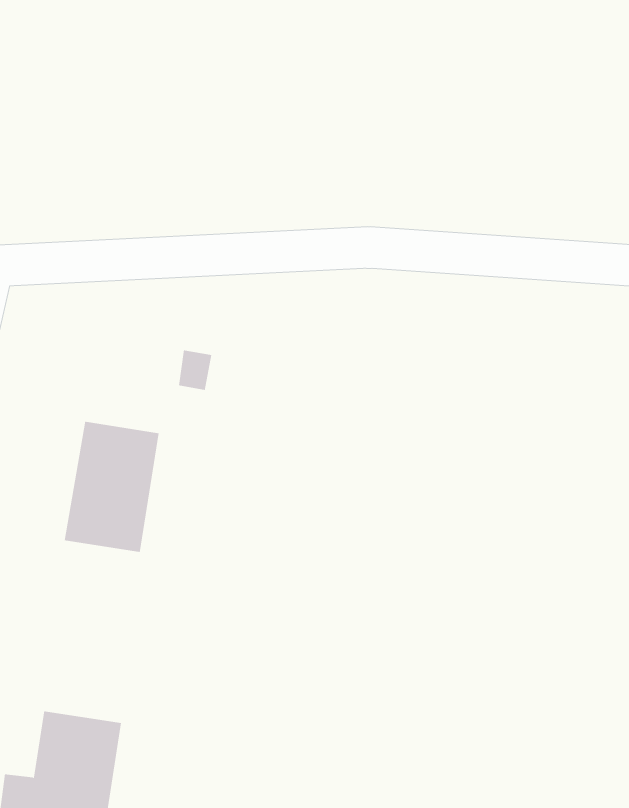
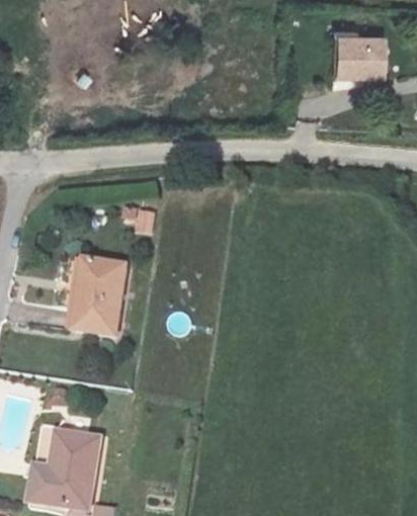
building: none -> [337,37,386,79]

